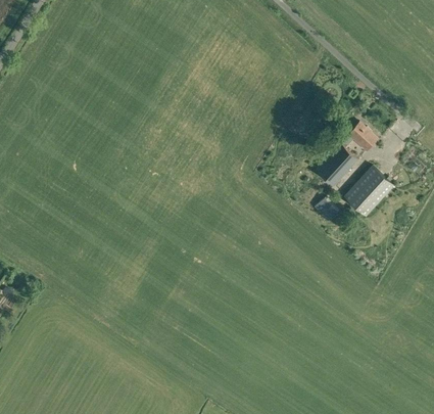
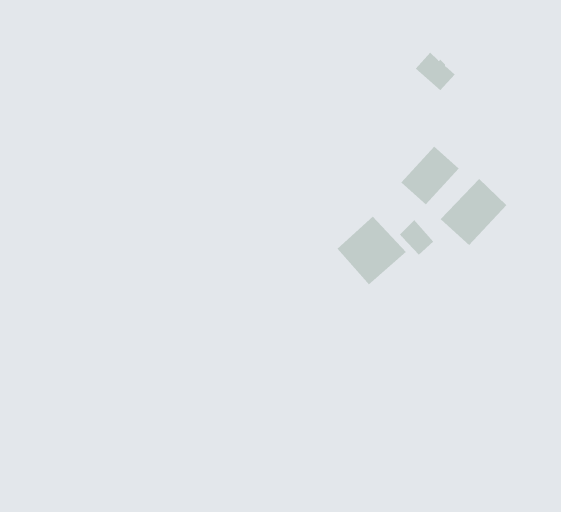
building: [348,123,378,151] -> [415,52,456,91]
building: none -> [337,216,407,285]

